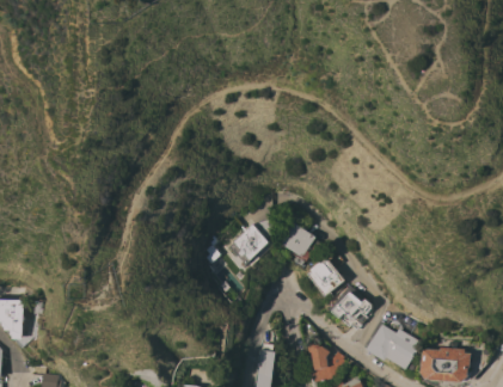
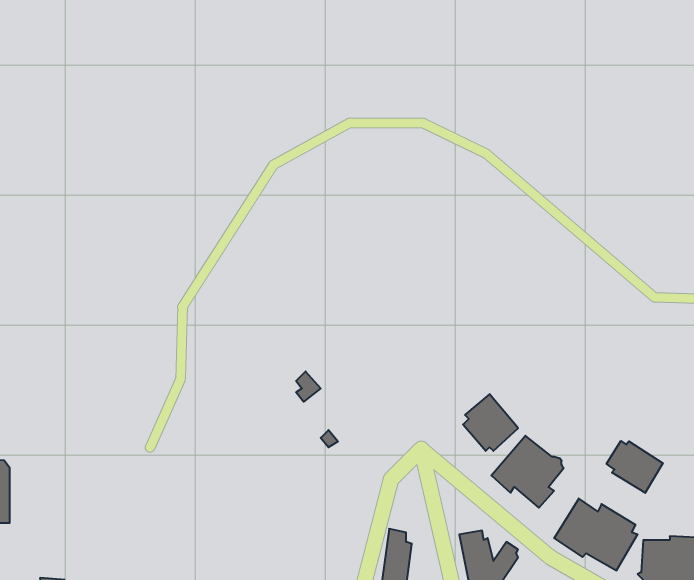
building: [231,219,271,260] -> none
building: [280,222,314,265] -> none
building: none -> [607,441,663,493]

